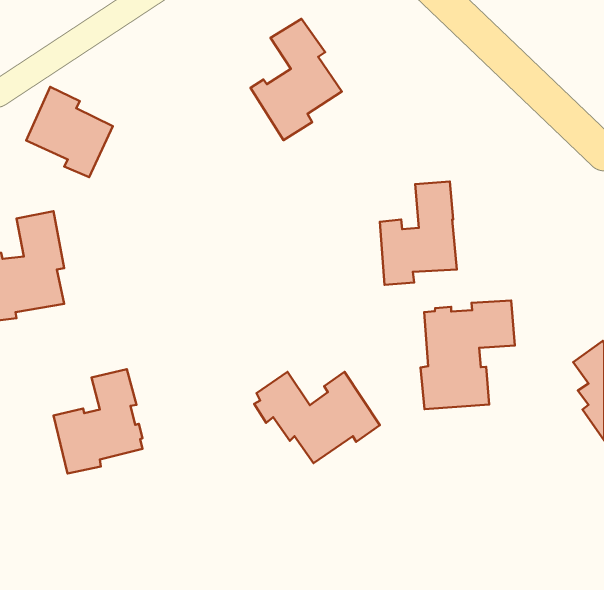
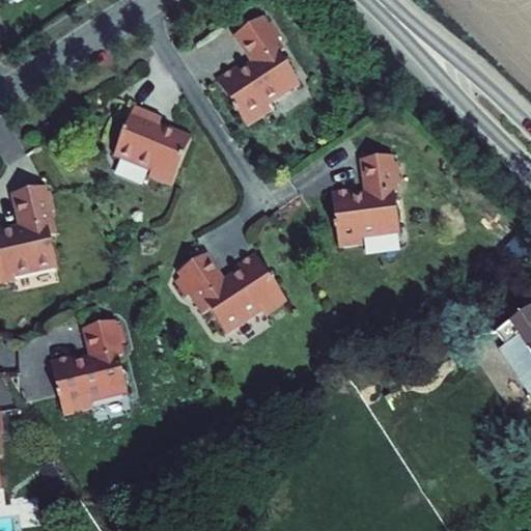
building: [26,87,113,177] -> [112,102,188,180]
building: [420,301,515,409] -> none
building: [254,372,380,463] -> [178,250,288,330]

